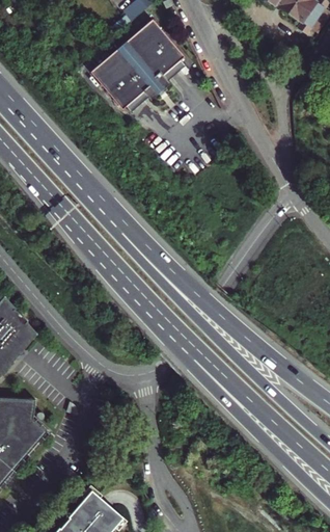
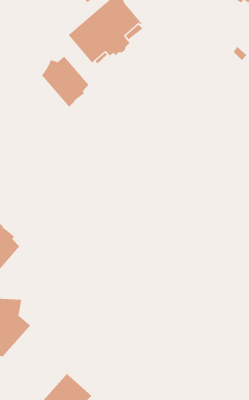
building: none -> [41,56,89,108]

